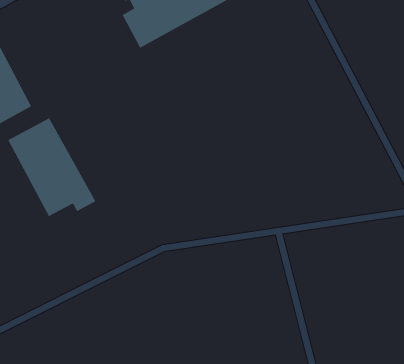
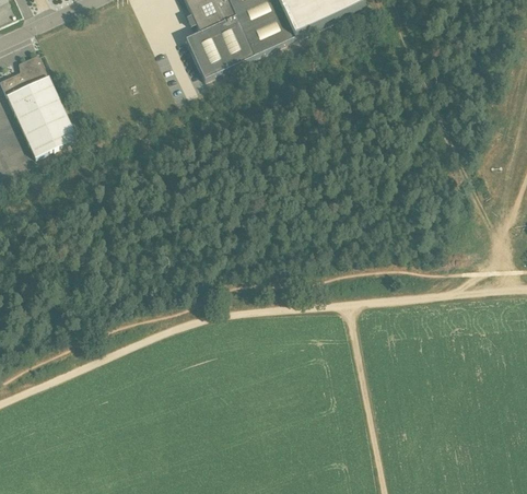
building: [7,117,96,217] -> none

